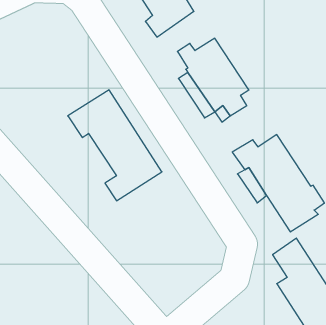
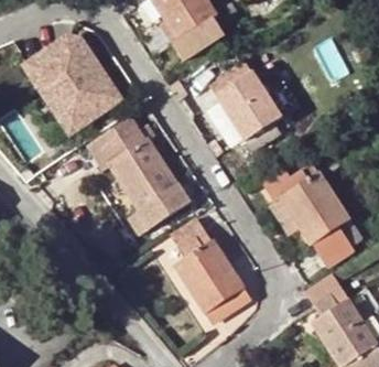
building: none -> [24,36,113,128]
building: none -> [167,209,249,319]

